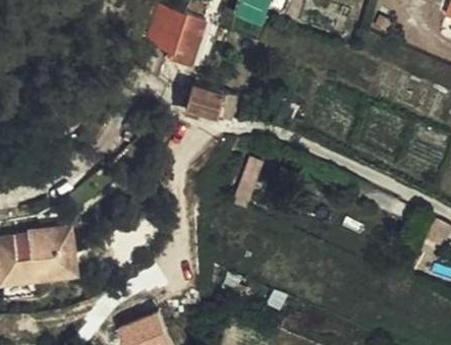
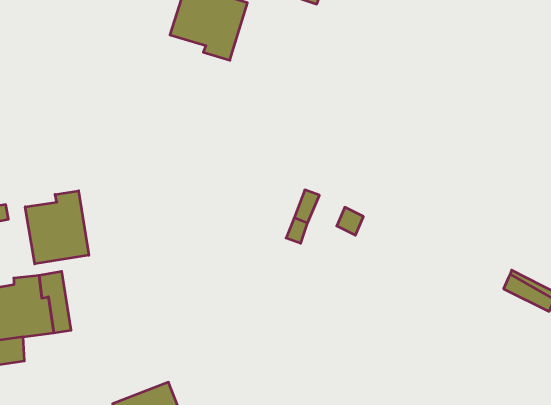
building: [185,88,237,119] -> none
building: none -> [25,191,89,264]

